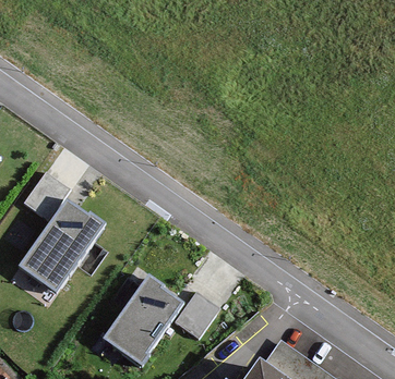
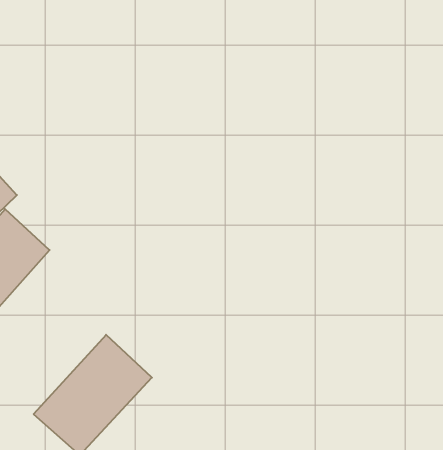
building: [181,292,223,335] -> none

